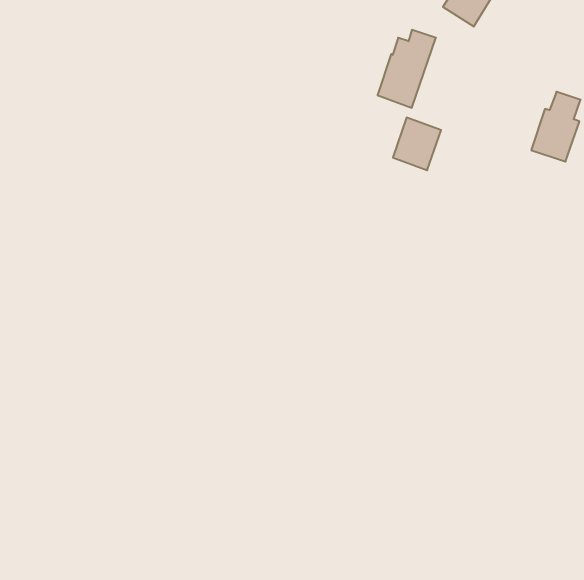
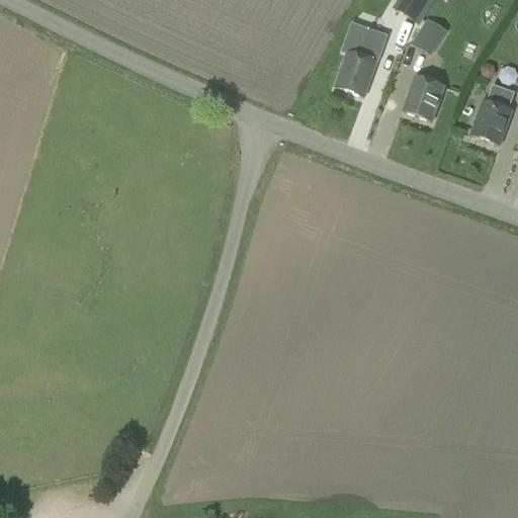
building: none -> [412,17,446,54]
building: [393,118,441,170] -> [403,73,445,119]

